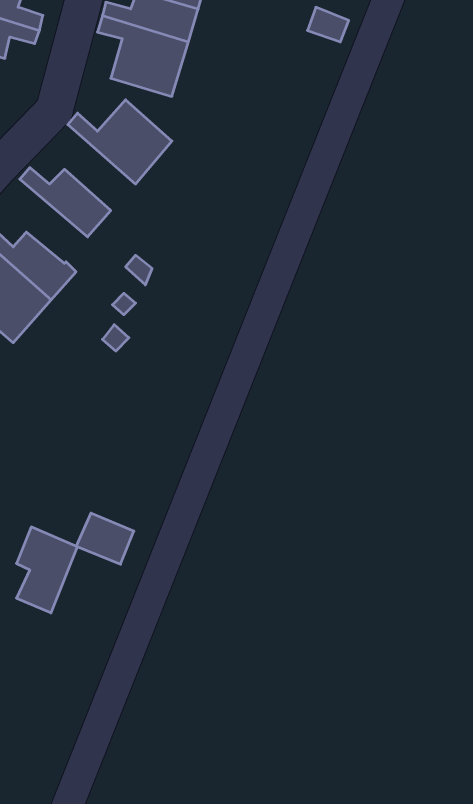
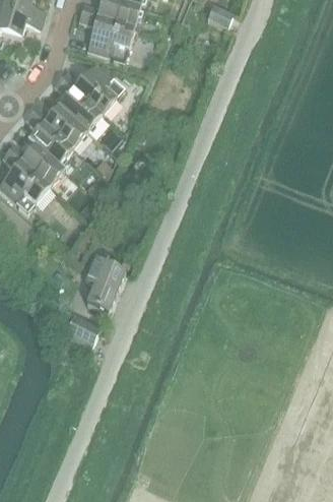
building: none -> [54,78,102,131]
building: none -> [24,112,72,164]
building: [16,527,78,613] -> [86,260,124,313]

